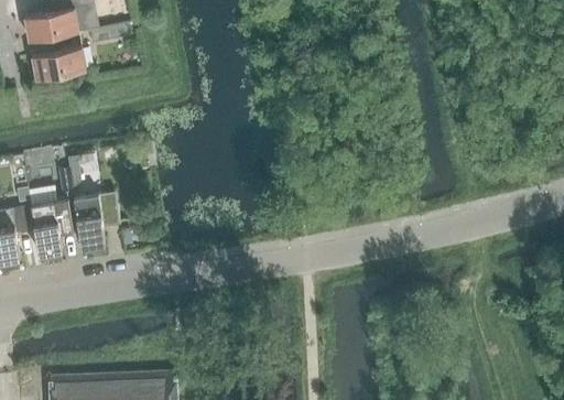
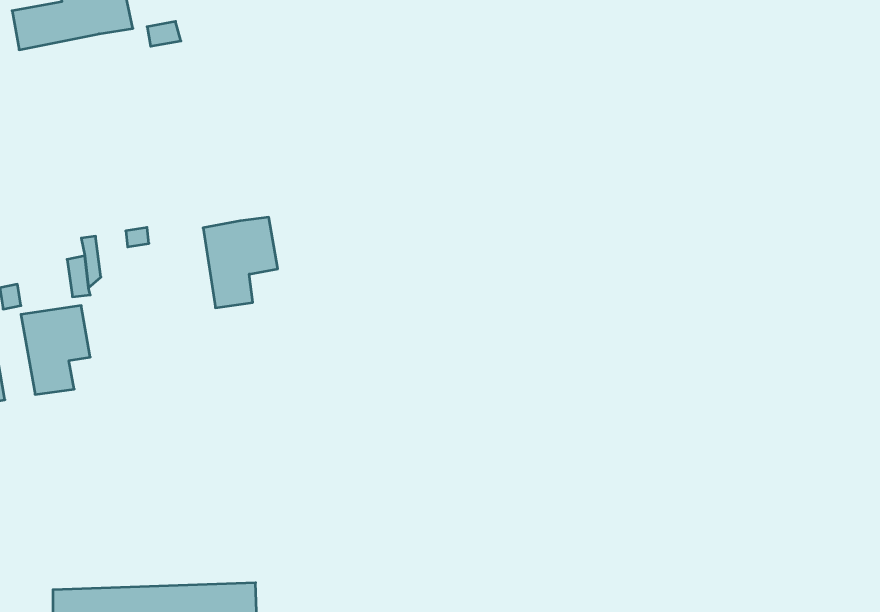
building: [31,47,86,80] -> none
building: [74,193,120,249] -> [203,217,278,308]

